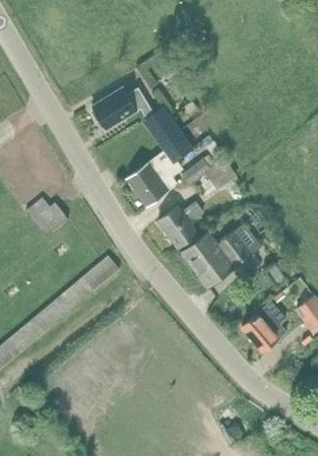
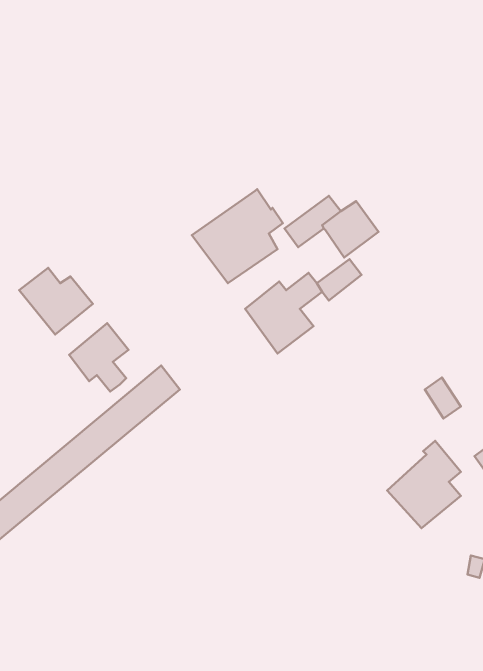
building: [91,87,193,162] -> none
building: [181,223,261,287] -> none
building: none -> [69,323,128,392]

